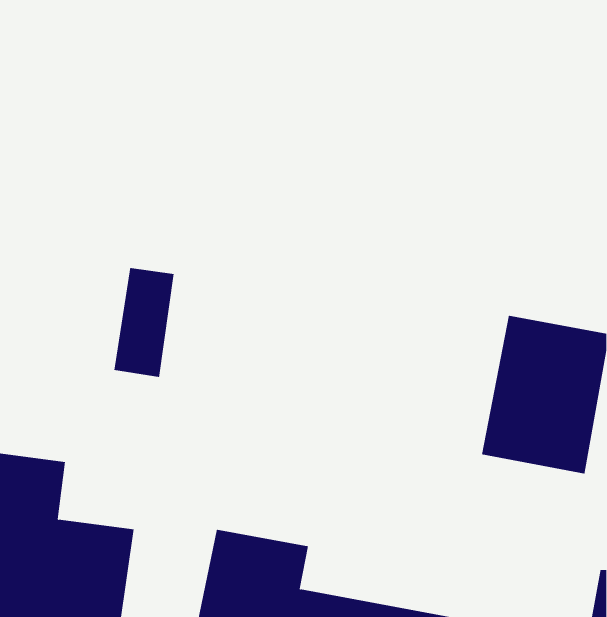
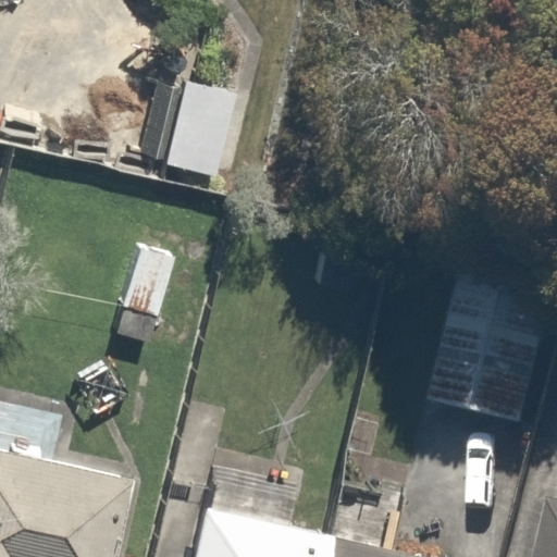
building: none -> [154,73,245,173]

